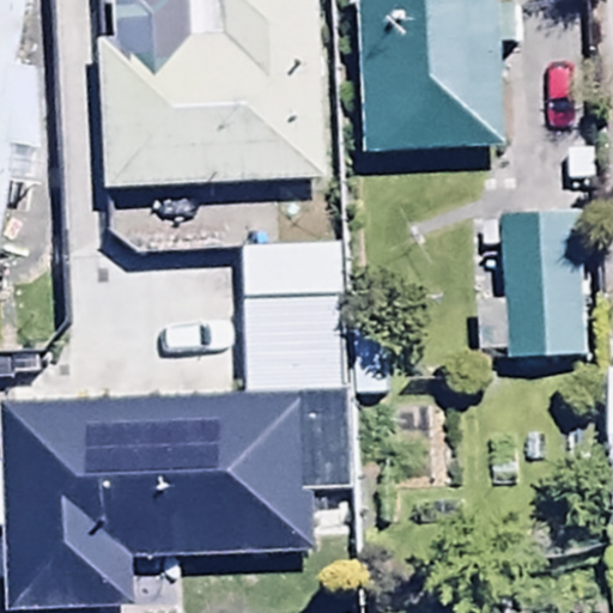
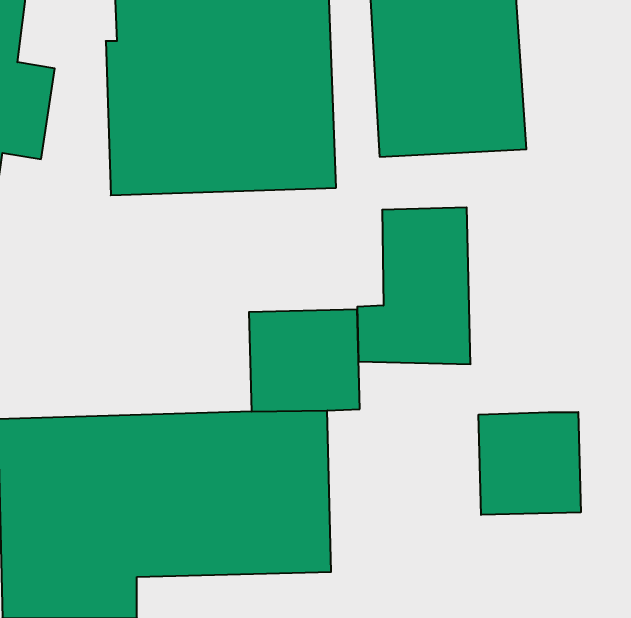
building: [477,202,585,353] -> [357,207,471,364]
building: none -> [479,412,581,515]

